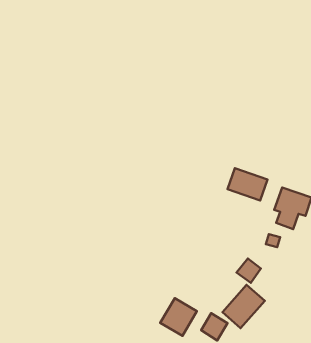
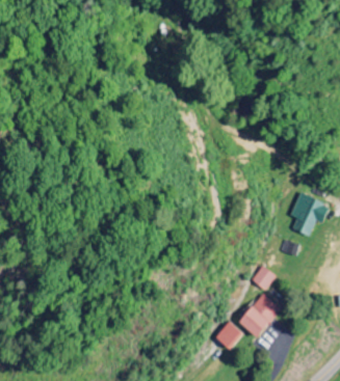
building: [227,168,267,201] -> none
building: [160,298,197,336] -> none

